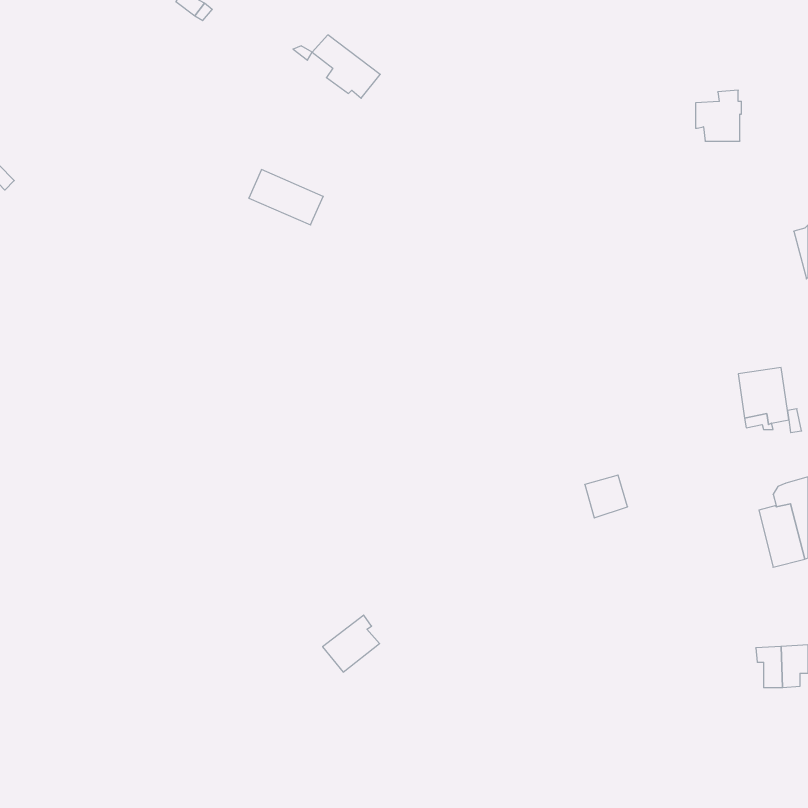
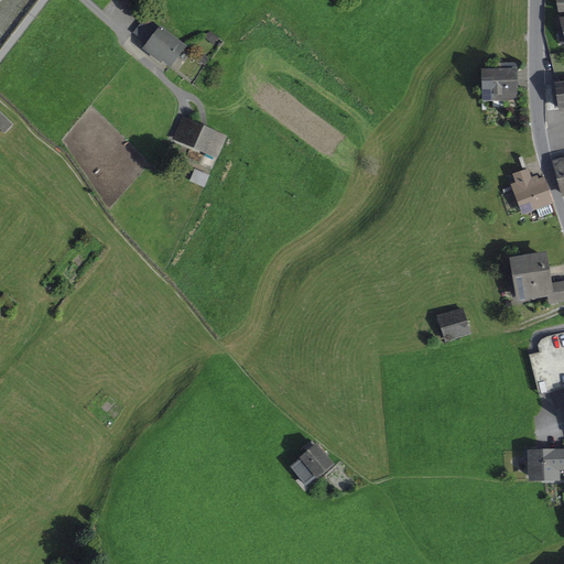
building: [312,35,380,98] -> [134,19,182,63]
building: none -> [513,170,552,216]
building: [585,475,628,518] -> [440,310,469,339]
building: [323,615,380,672] -> [291,444,330,484]

